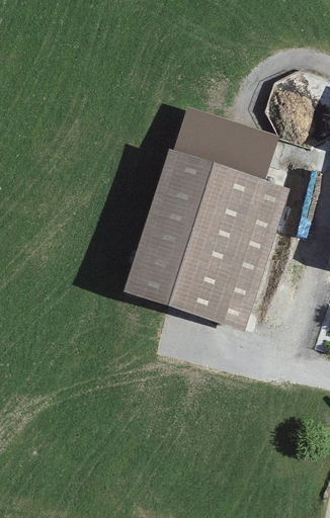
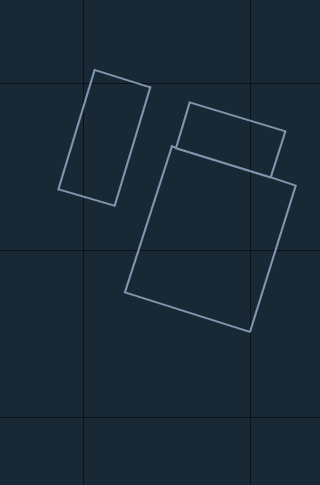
building: none -> [58,70,150,206]

